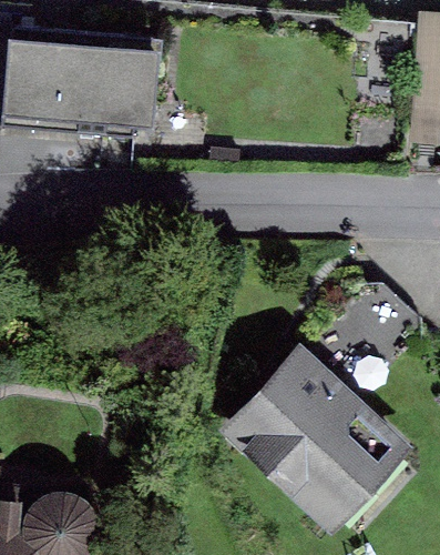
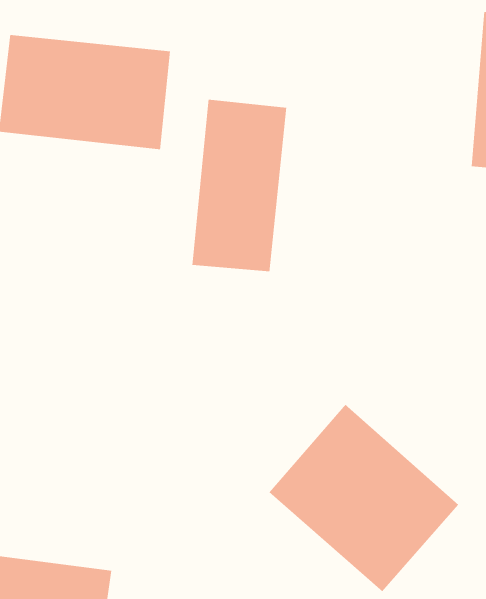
building: none -> [192,99,287,272]

